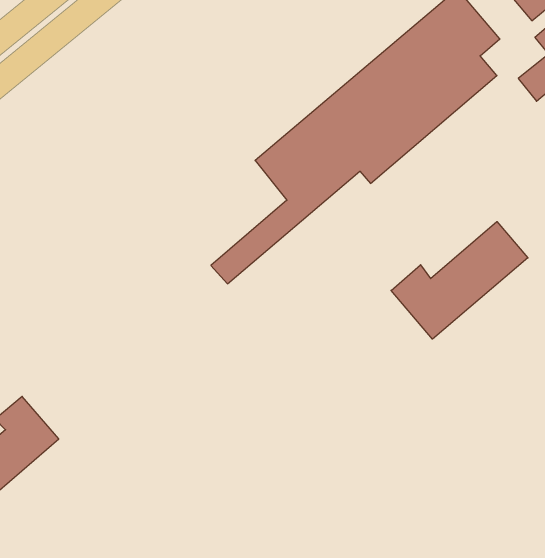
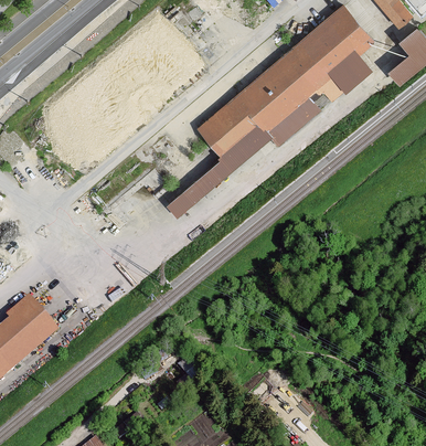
building: [391,222,528,339] -> none

